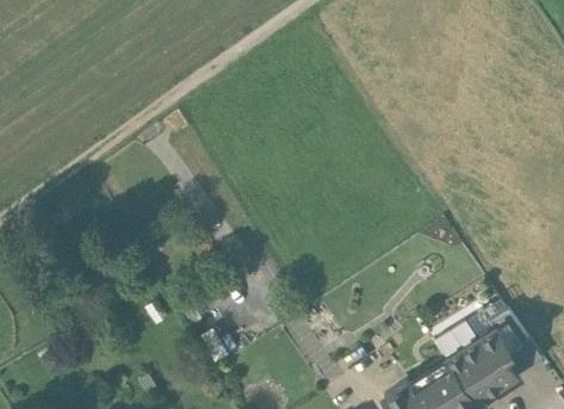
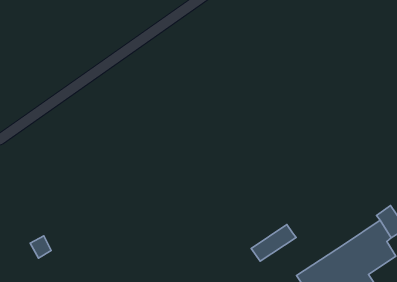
building: [435,311,494,359] -> [251,224,296,261]

